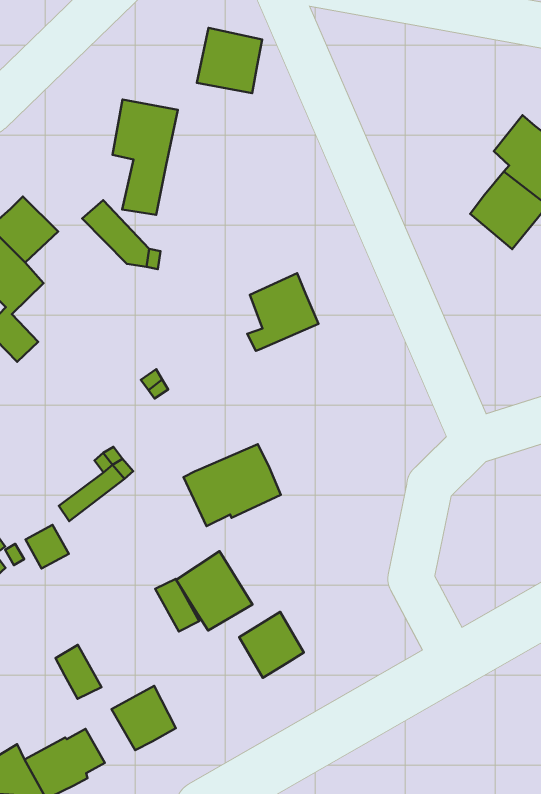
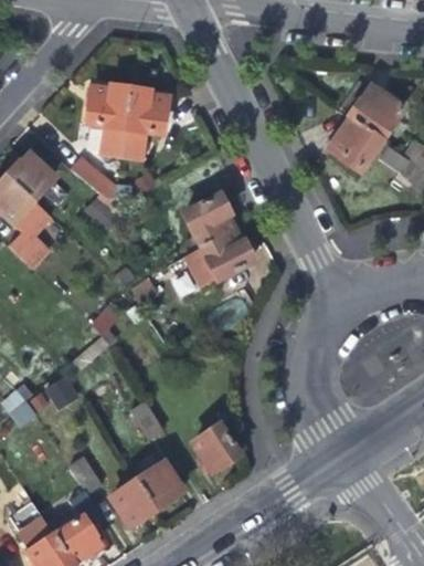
building: [197,28,262,93] -> [124,90,166,132]
building: [183,444,281,526] -> [184,228,251,285]
building: [176,551,252,630] -> none
building: none -> [138,463,179,506]

